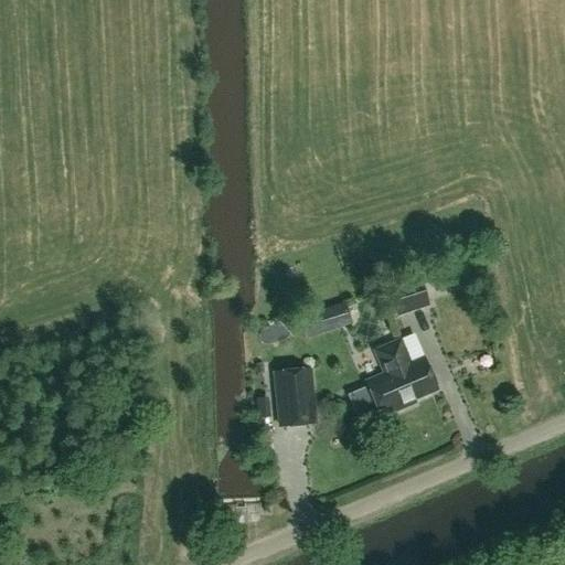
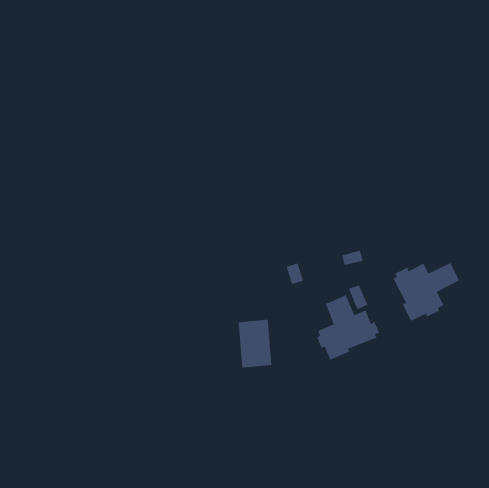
building: none -> [392,262,460,322]

